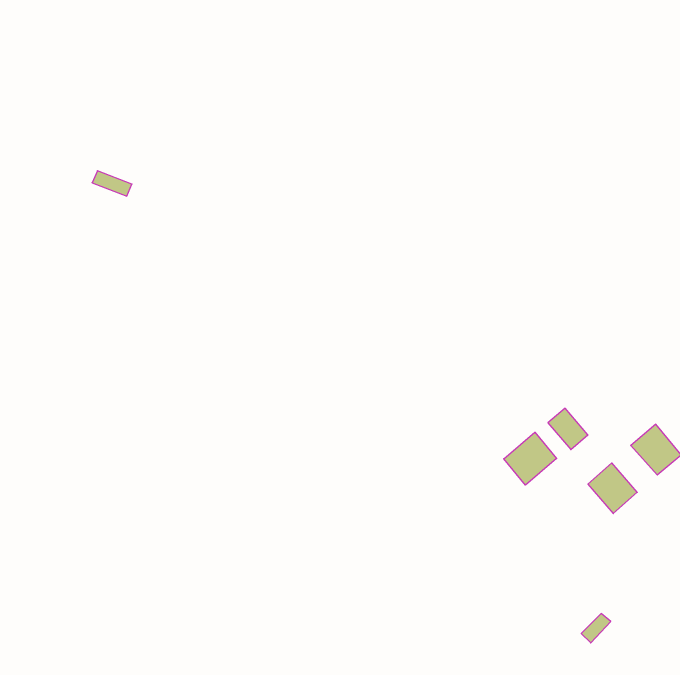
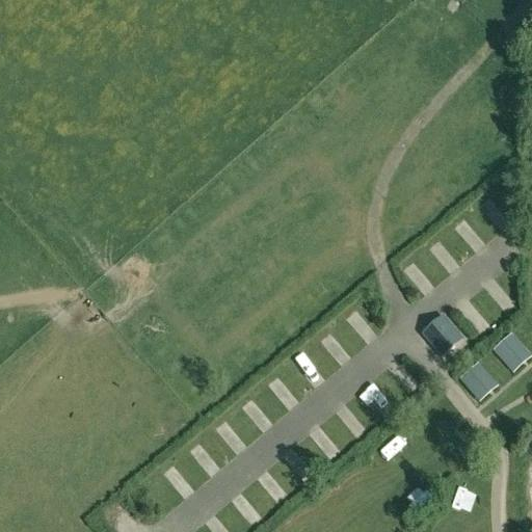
building: [504,432,557,485] -> none

